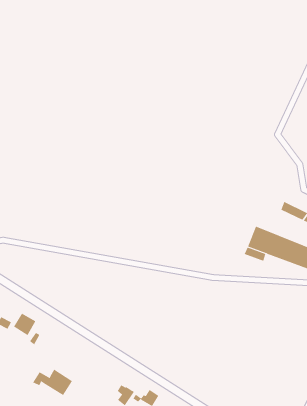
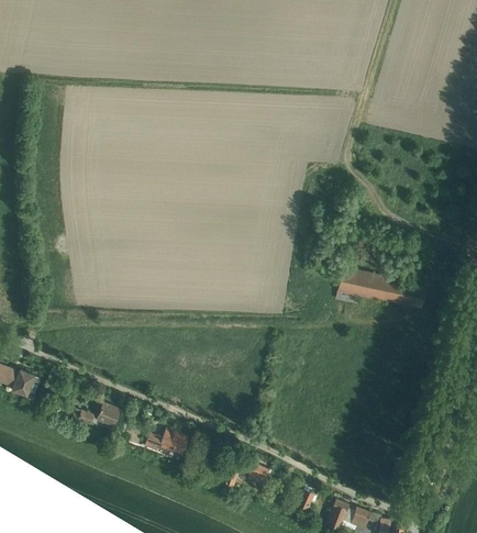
building: [32,369,73,396] -> [144,427,188,455]

